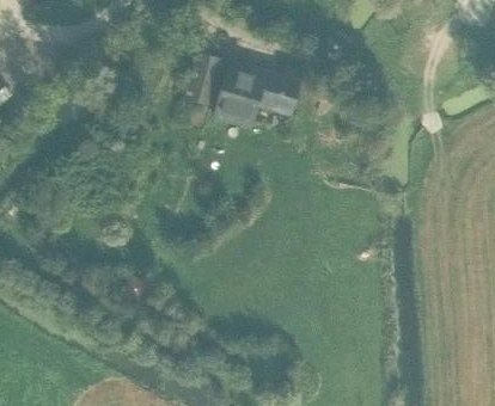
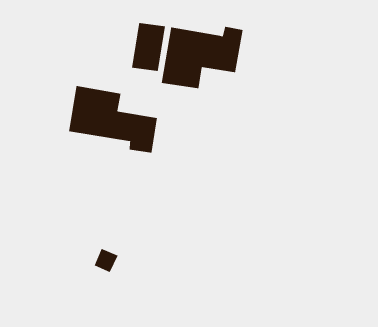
building: none -> [68,85,157,154]

